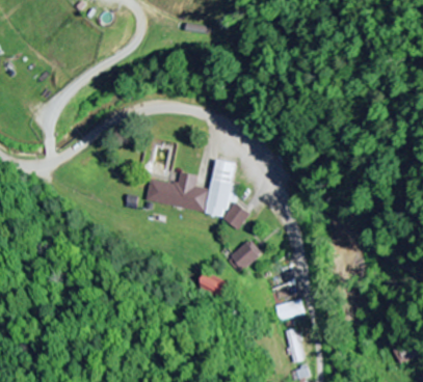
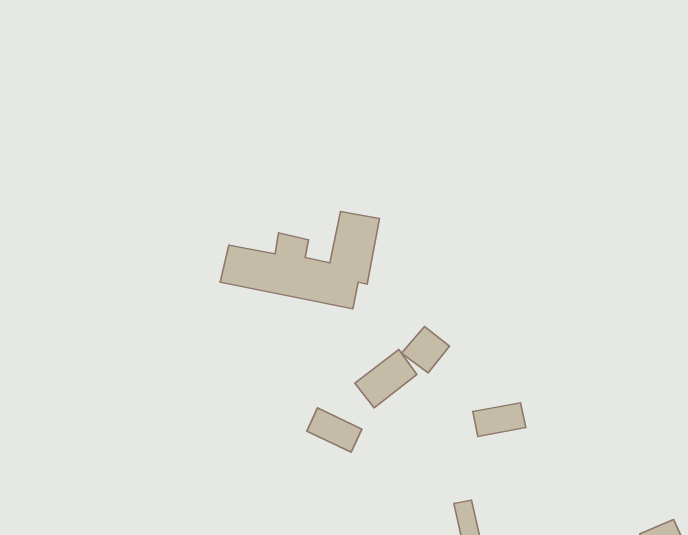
building: [222,202,250,229] -> [402,327,449,373]
building: [274,300,306,320] -> [473,403,526,436]

